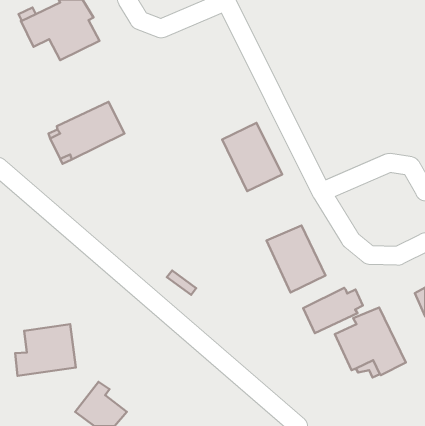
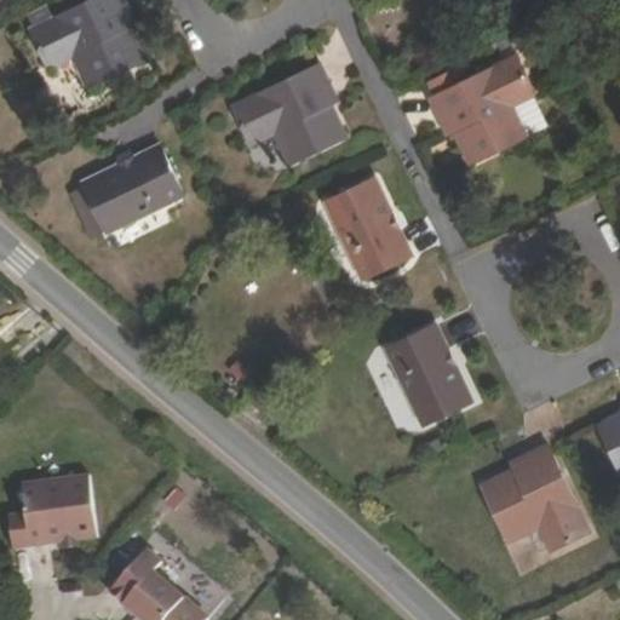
building: none -> [429,58,530,162]
building: none -> [232,67,345,163]
building: [303,288,363,333] -> none

